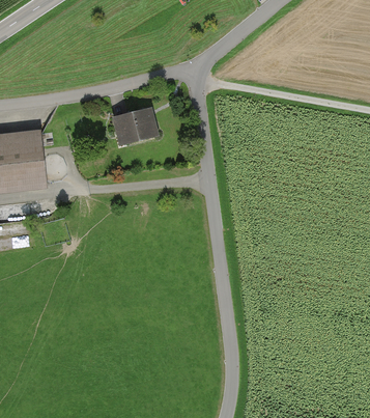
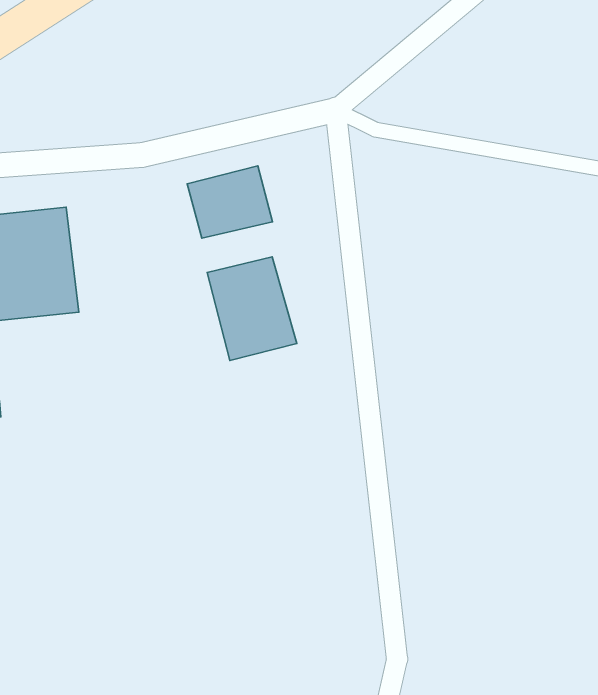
building: none -> [207,257,297,361]

